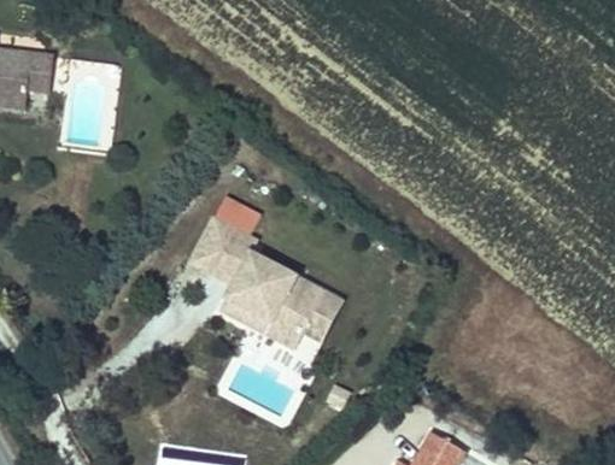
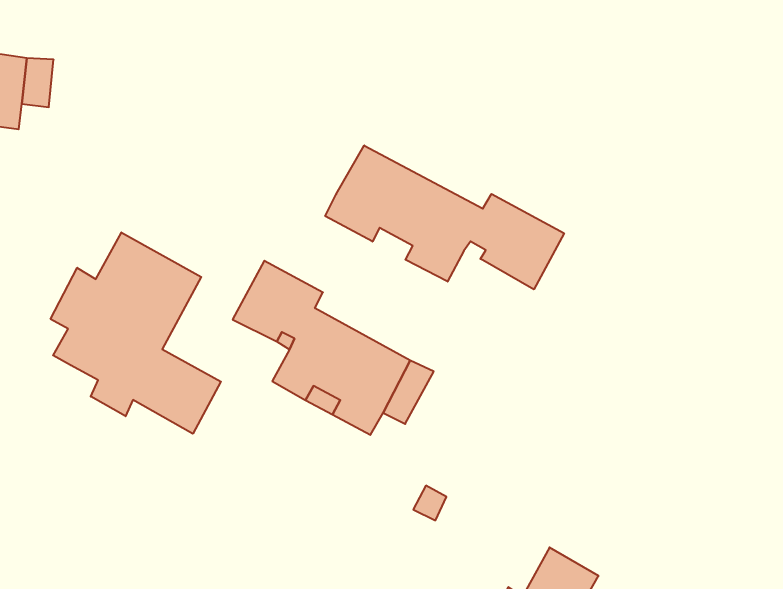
building: none -> [325,145,564,289]
building: none -> [51,232,221,434]

